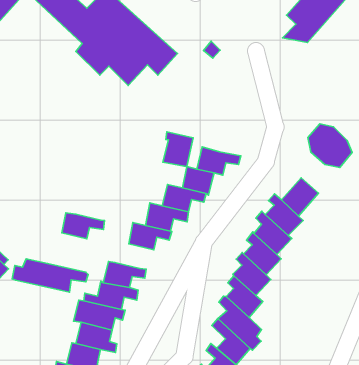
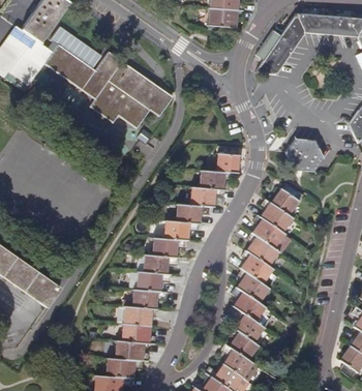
building: [163,132,193,167] -> [217,147,239,173]
building: [62,213,105,239] -> [145,255,178,274]
building: [12,259,88,292] -> none

